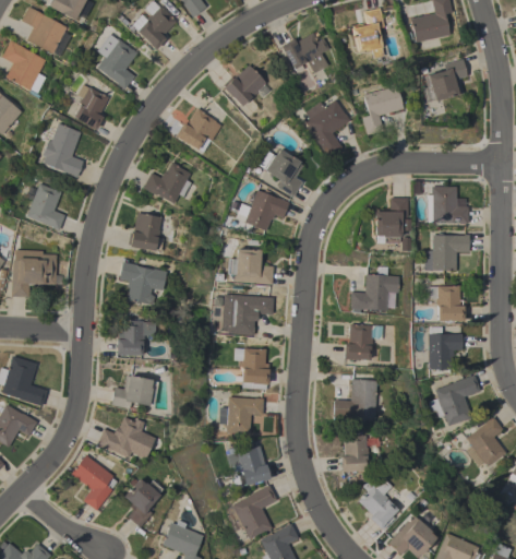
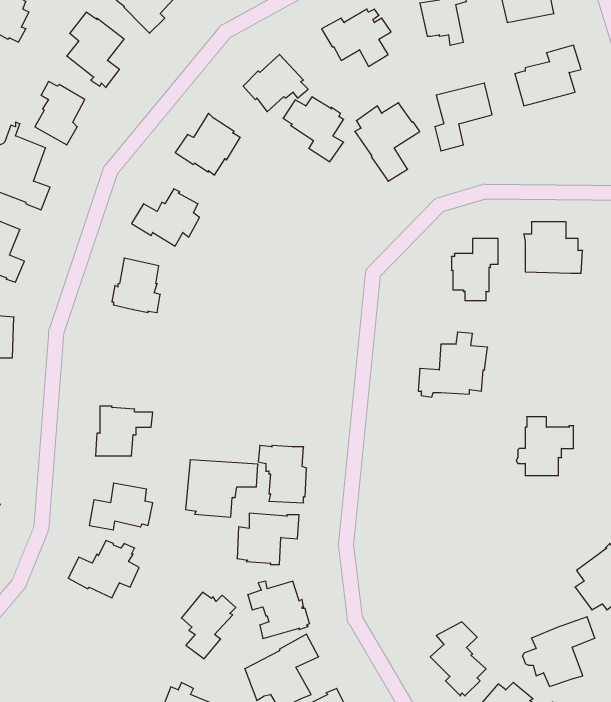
building: [260,148,303,195] -> [283,97,344,162]
building: [236,190,289,233] -> none
building: [423,234,470,270] -> none
building: [228,248,274,284] -> none
building: [120,261,168,305] -> none
building: [429,285,465,321] -> none
building: [221,294,274,335] -> [186,460,258,517]
building: [344,323,384,359] -> none
building: [428,374,480,425] -> [522,617,595,686]
building: [334,379,377,418] -> none
building: [340,429,376,472] -> none
building: [72,454,115,510] -> none
building: [124,478,164,526] -> [181,592,236,659]

